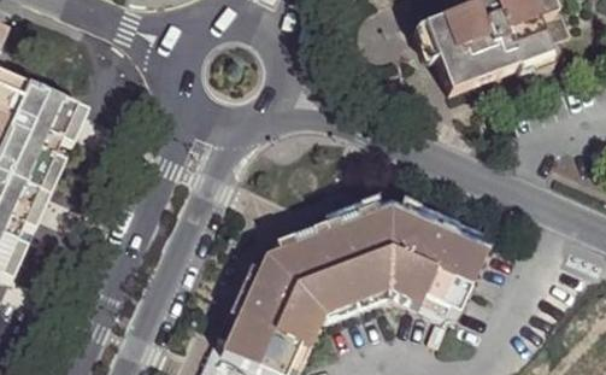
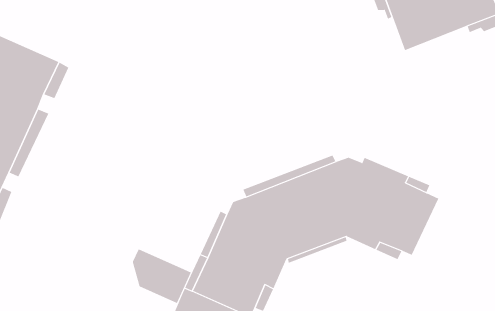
building: none -> [132,249,191,304]

